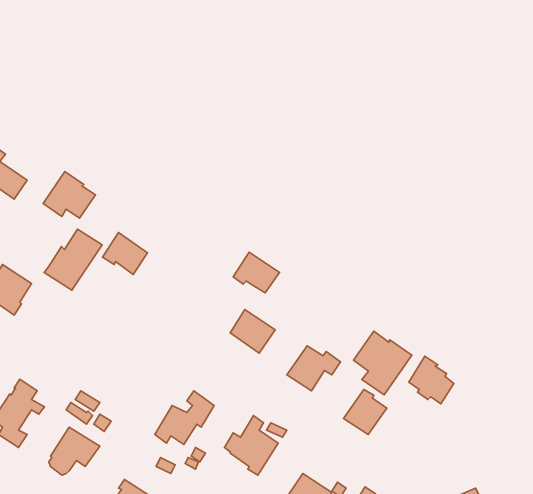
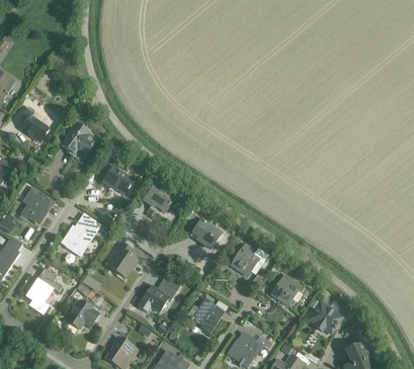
building: [44,229,102,290] -> [61,213,101,256]
building: [233,252,280,293] -> [143,183,175,211]
building: [354,331,412,395] -> none
building: none -> [107,242,137,277]
building: [409,356,454,404] -> [309,301,340,335]

